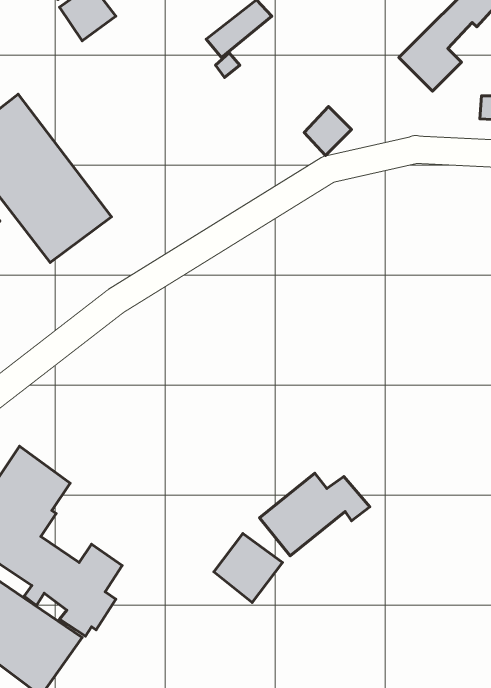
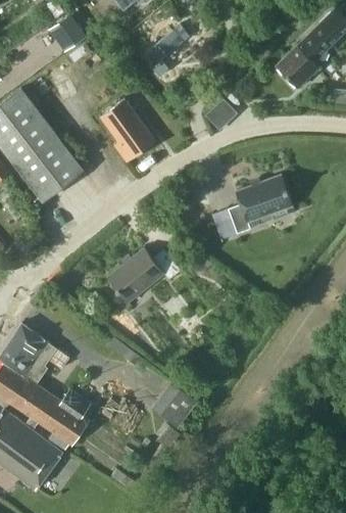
building: none -> [99,99,155,162]
building: none -> [227,177,291,236]
building: [260,473,370,556] -> [105,249,179,305]

